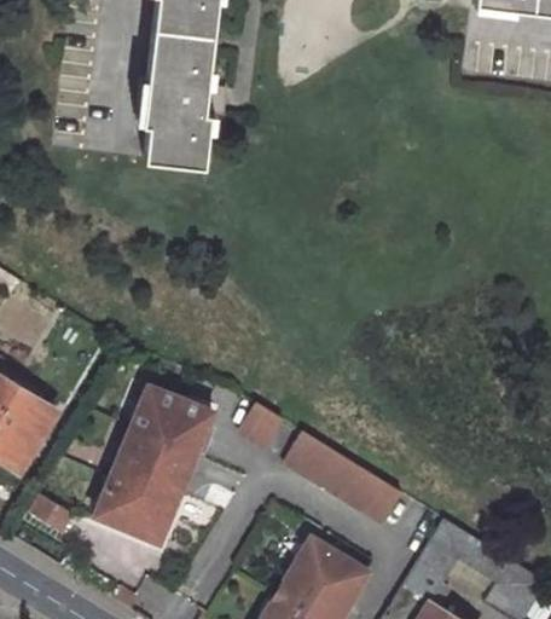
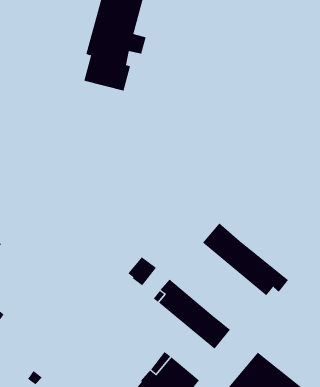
building: none -> [202,222,289,296]
building: [95,386,215,543] -> none

